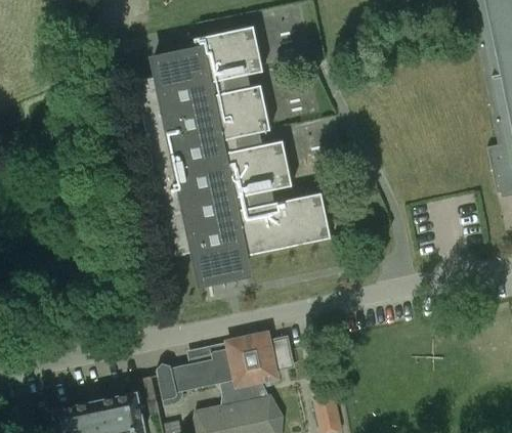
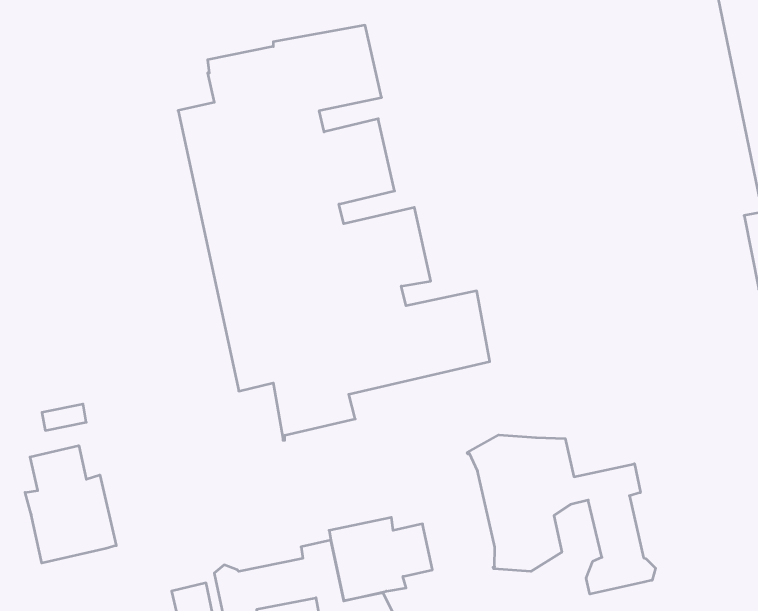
building: none -> [467,435,656,594]
building: none -> [25,446,116,563]

